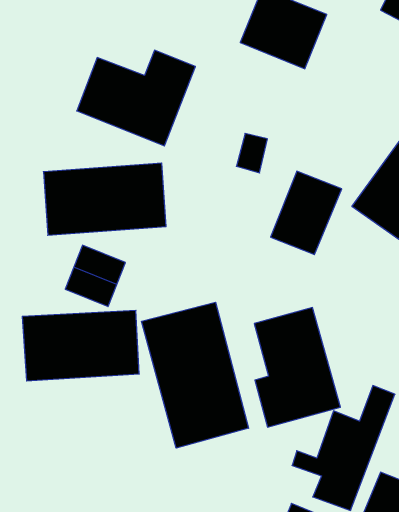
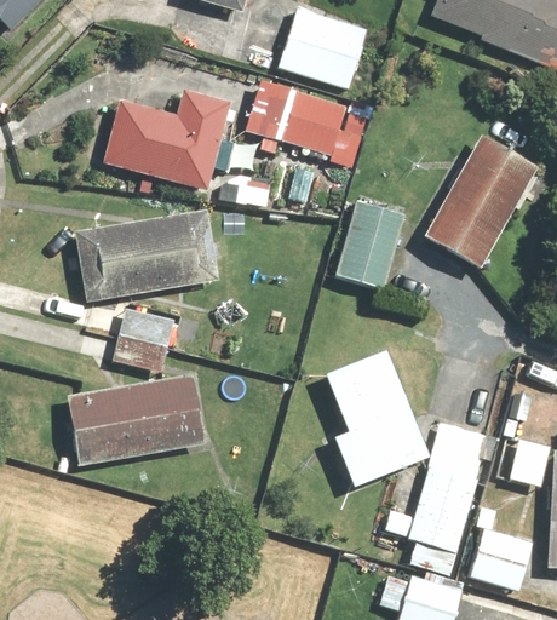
building: none -> [245,80,369,167]
building: [142,302,249,448] -> none

